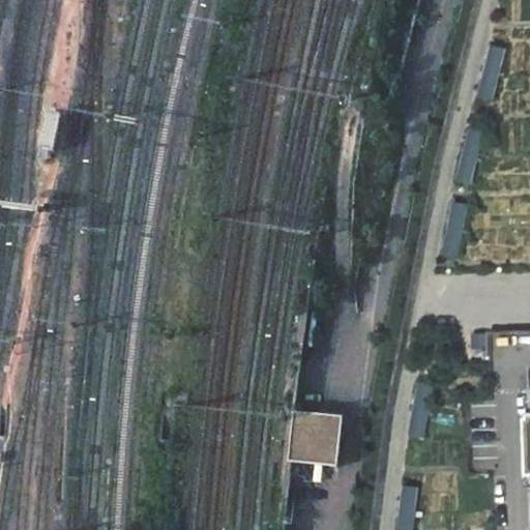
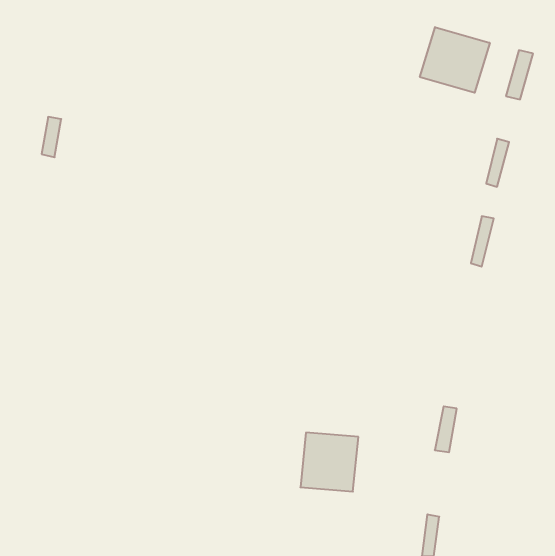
building: none -> [420,27,490,93]

